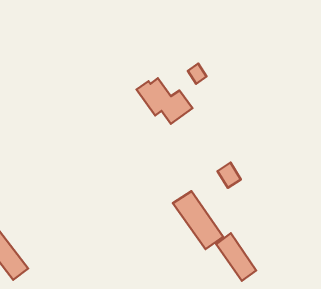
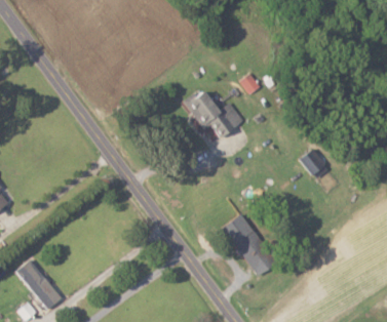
building: [217,163,241,188] -> [300,149,325,176]
building: [216,233,256,281] -> none

